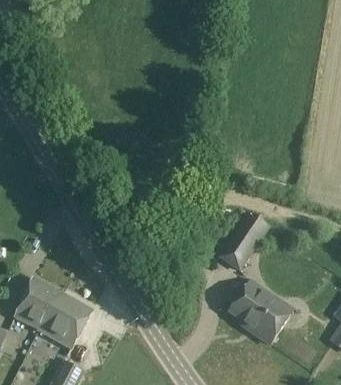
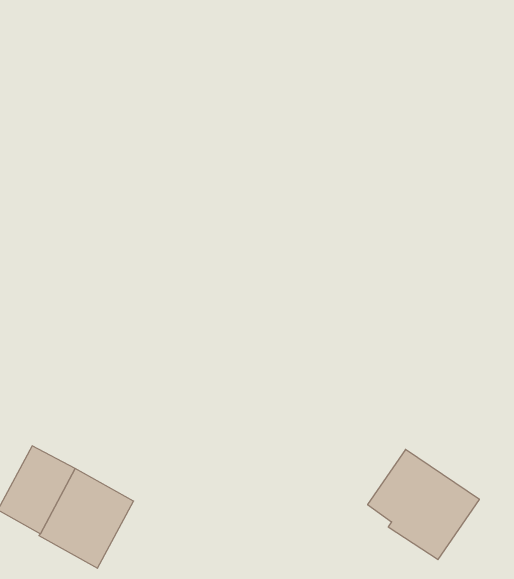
building: [218,210,270,270] -> none

